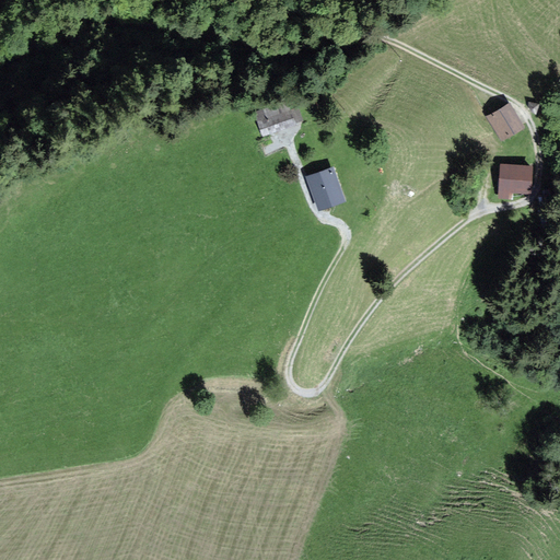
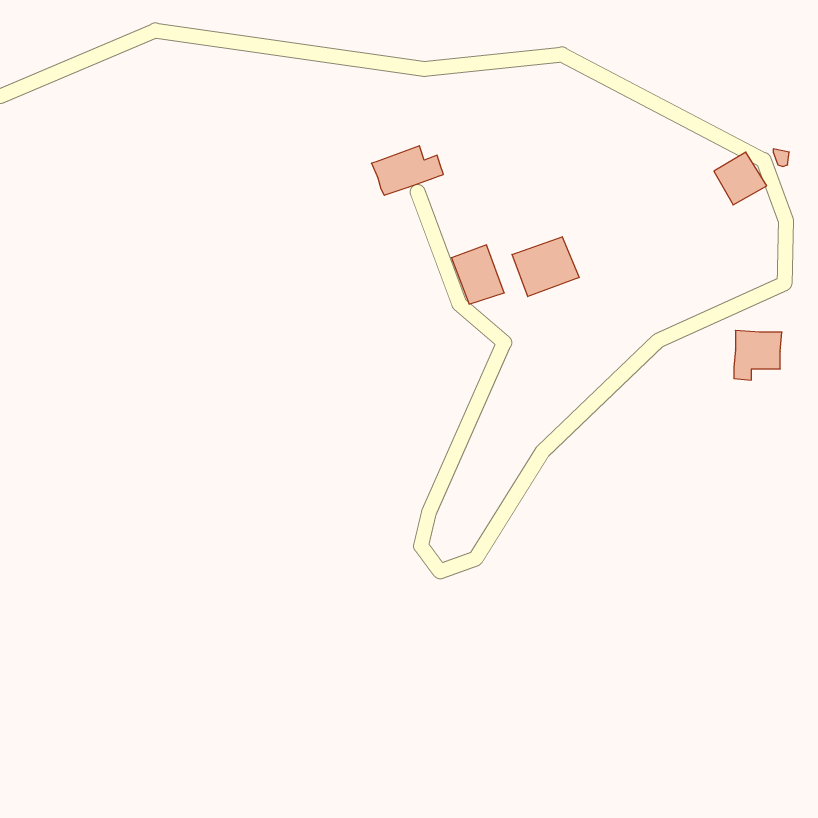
building: none -> [512,237,579,297]
building: [499,164,532,198] -> [734,330,782,380]

